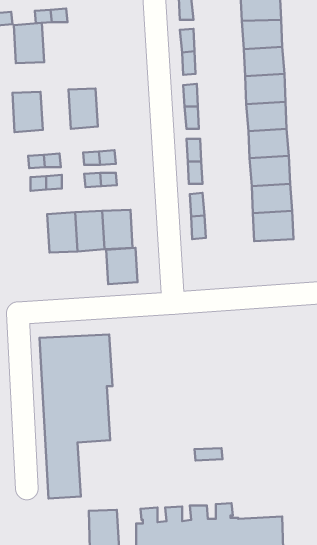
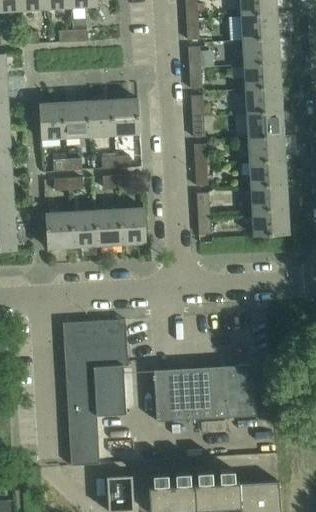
building: [14,23,44,63] -> [62,101,89,137]
building: none -> [111,98,138,134]
building: none -> [43,212,70,248]
building: [106,248,137,284] -> none
building: none -> [152,364,254,421]

